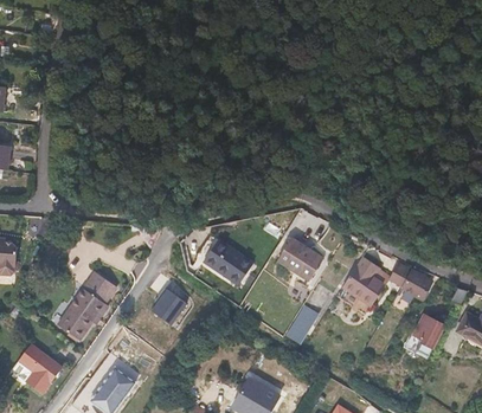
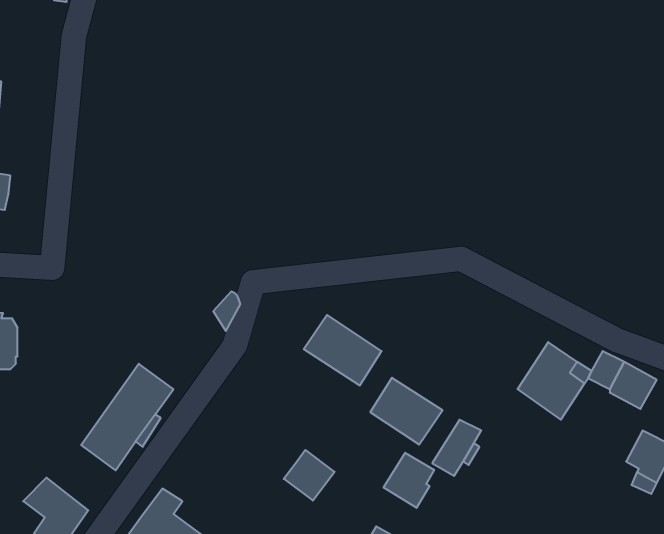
building: [277,237,324,280] -> [370,378,443,445]
building: [153,289,186,322] -> [284,450,335,501]
building: none -> [384,453,434,508]

